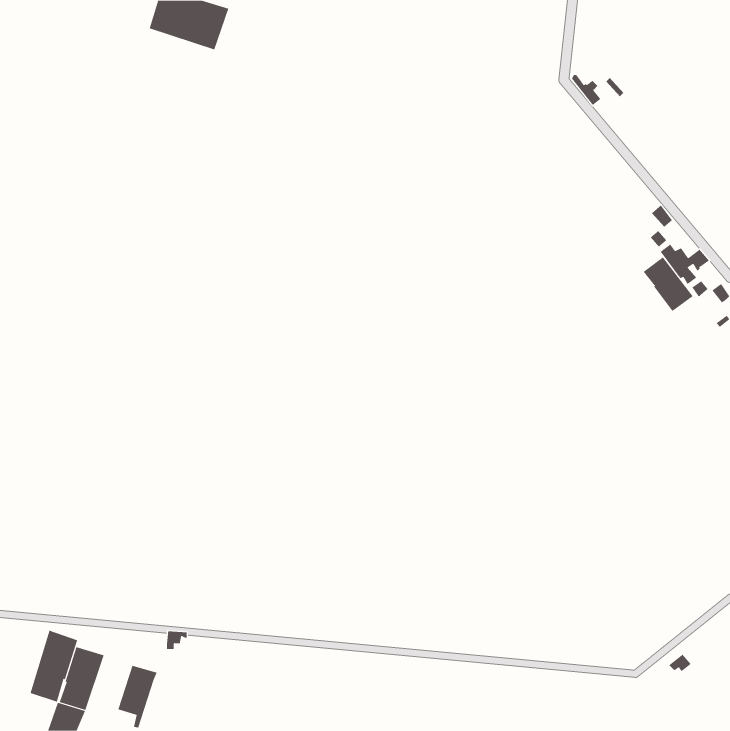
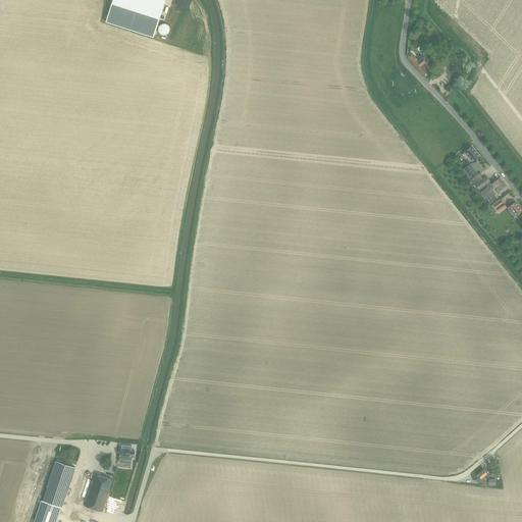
building: [643,257,693,312] -> none
building: [30,630,78,702] -> none

